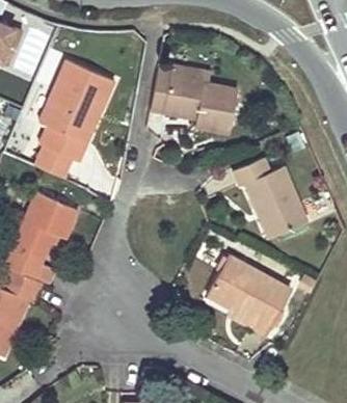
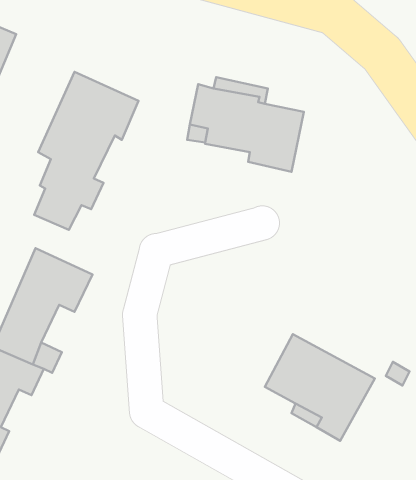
building: [236,159,306,238] -> none

